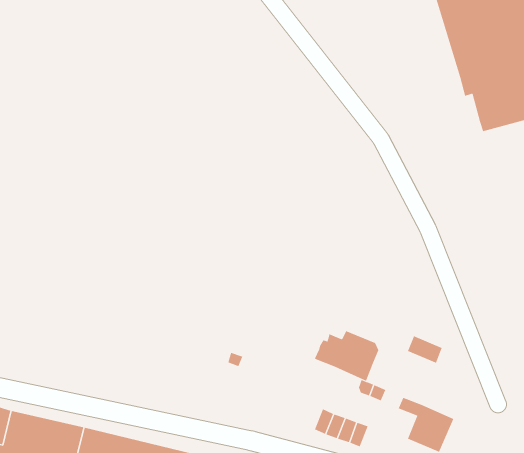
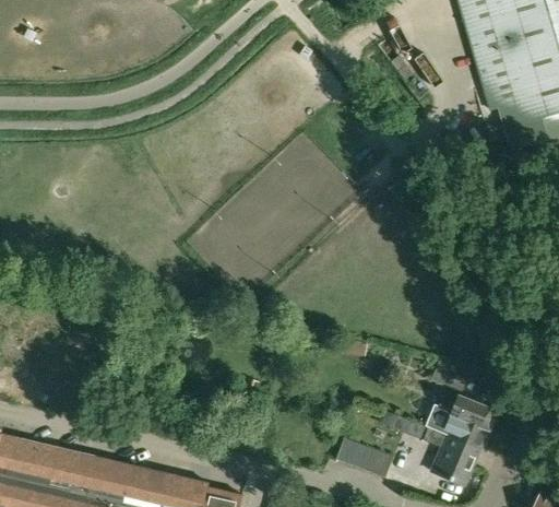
building: [314,330,379,382] -> [426,393,493,447]

